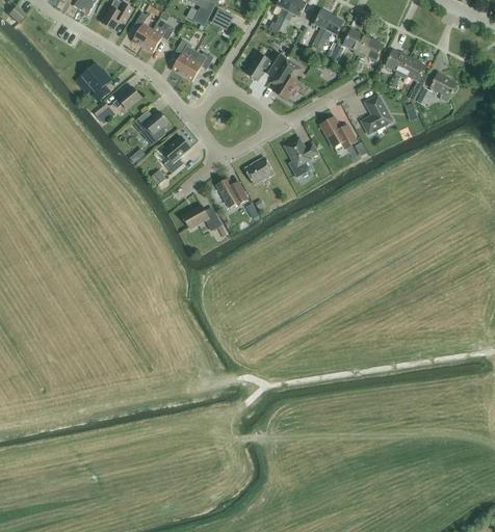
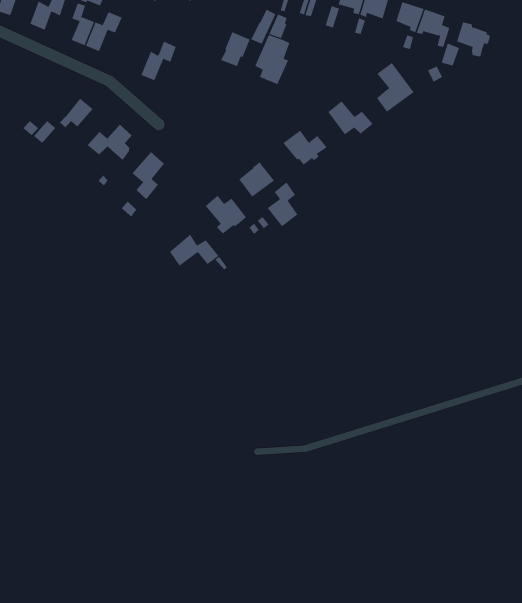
building: [171,38,191,75] -> none
building: [81,62,110,100] -> none
building: none -> [267,181,298,227]

